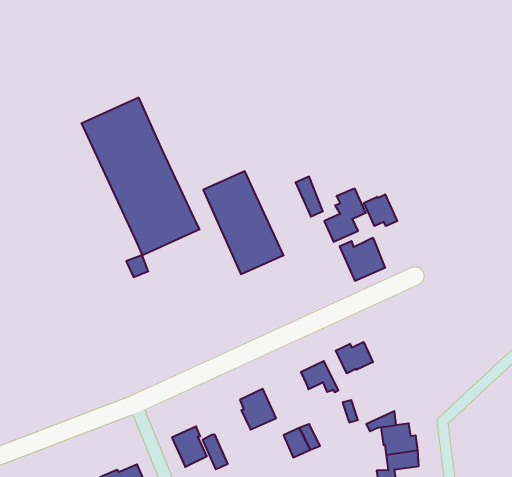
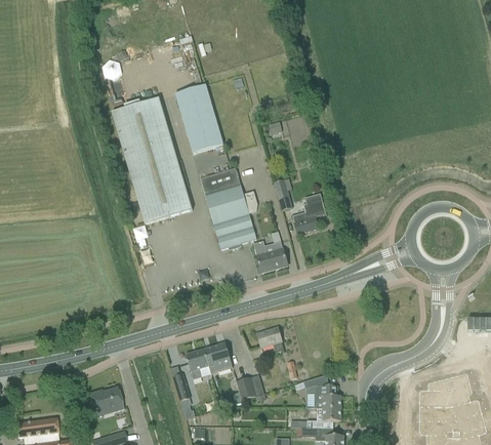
building: none -> [175,85,222,153]
building: [364,194,397,226] -> none
building: [340,238,385,281] -> [253,241,287,273]
building: [336,342,373,373] -> none
building: [172,426,207,467] -> [186,349,211,379]

